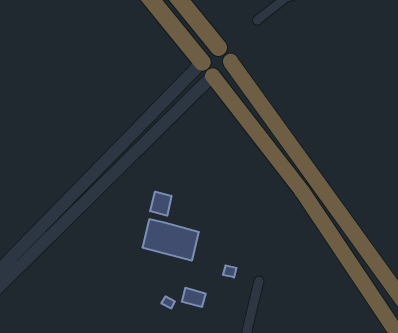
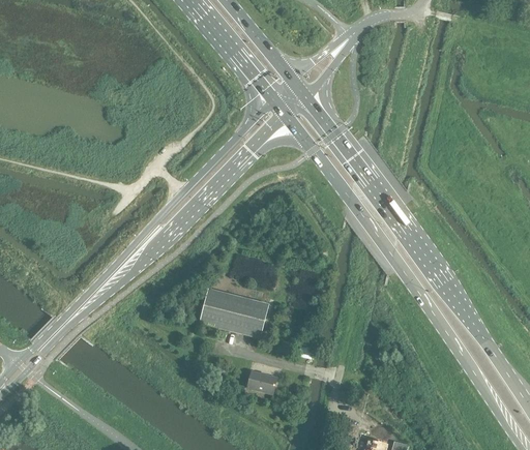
building: [150,192,171,216] -> none

